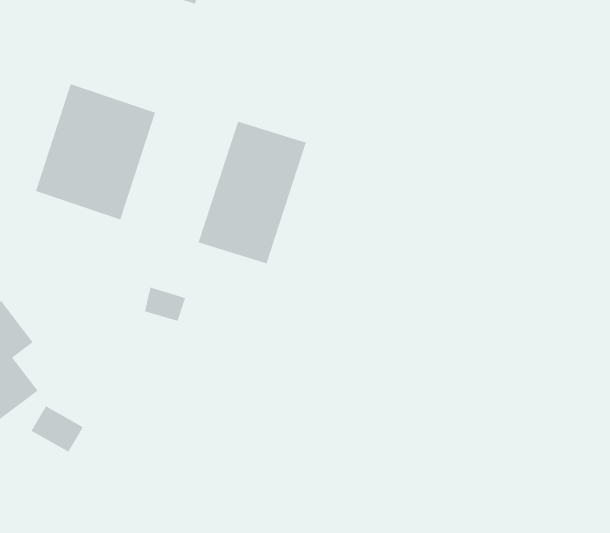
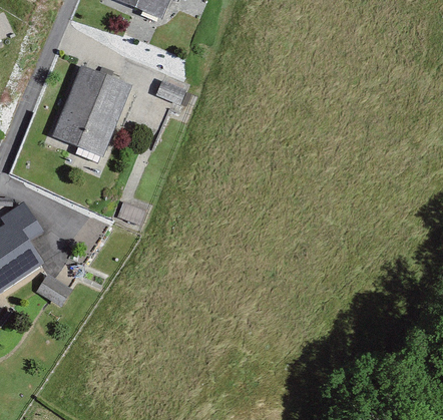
building: [198,121,306,264] -> none

